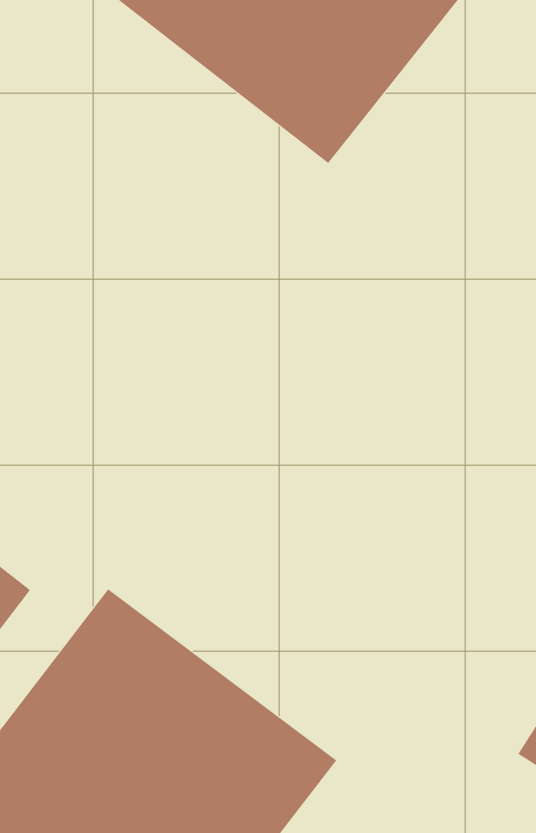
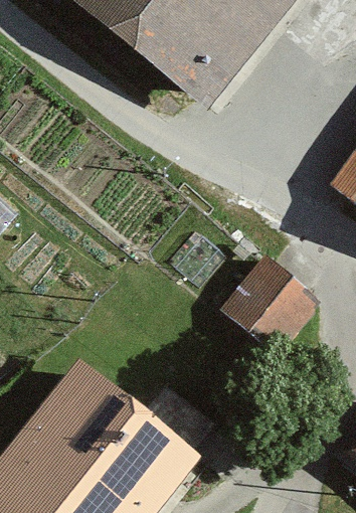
building: none -> [219,263,317,360]

